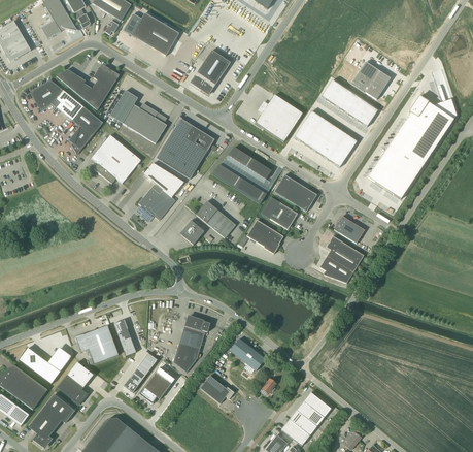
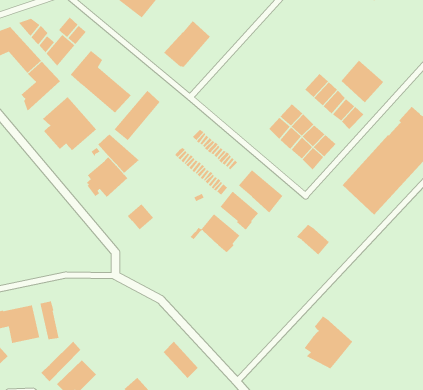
building: [255,94,302,141] -> none
building: [170,127,214,179] -> none
building: [196,200,235,237] -> none
building: [319,235,363,283] -> [304,315,353,370]
building: [173,316,210,372] -> none

